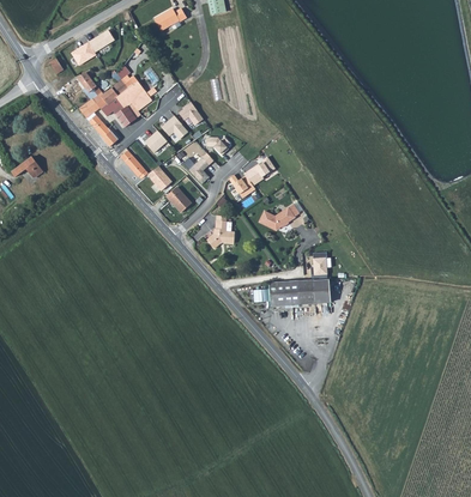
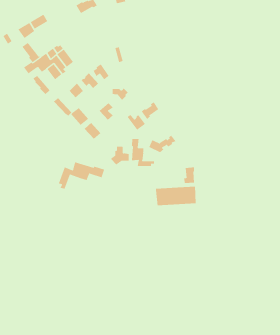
building: none -> [131,138,155,167]
building: none -> [58,161,105,190]

